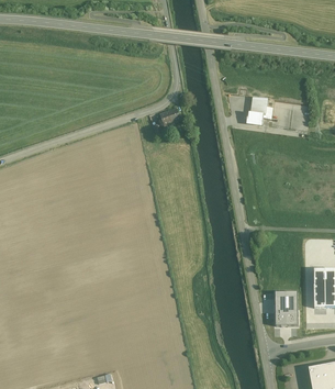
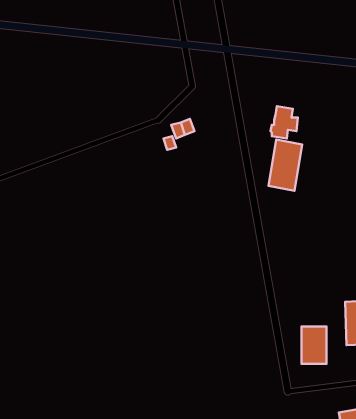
building: none -> [269,139,302,191]

